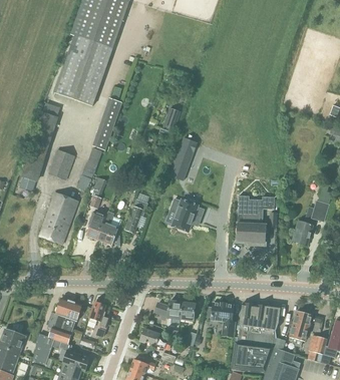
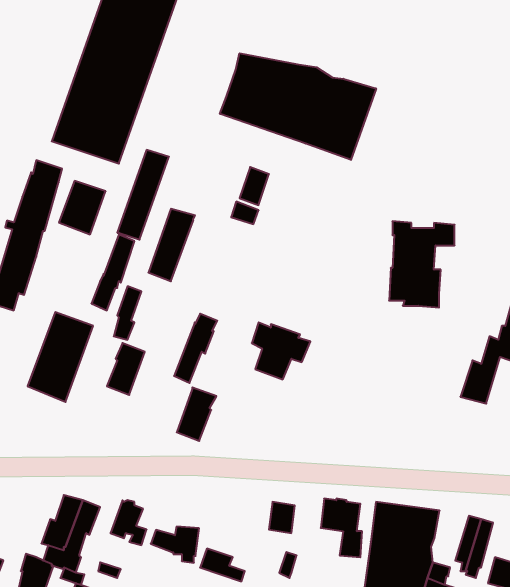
building: none -> [220,53,376,160]
building: [171,137,198,179] -> [148,209,195,281]
building: [48,148,75,179] -> [59,181,106,234]
building: [237,195,275,245] -> [389,221,455,308]
building: [99,214,122,245] -> [177,387,216,441]
building: [154,301,183,322] -> [151,527,199,563]

